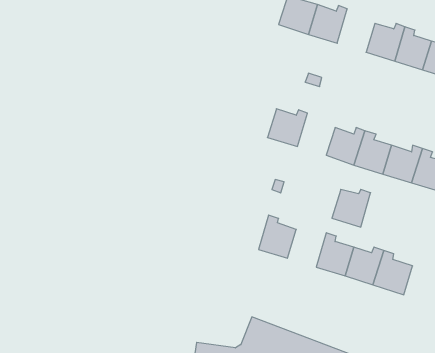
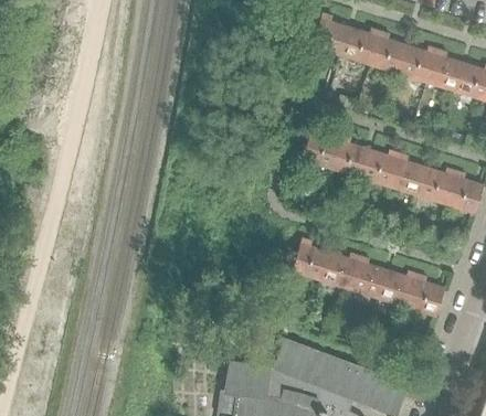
building: none -> [373,32,411,75]
building: none -> [334,136,371,178]
building: [332,189,371,227] -> [324,252,362,289]

